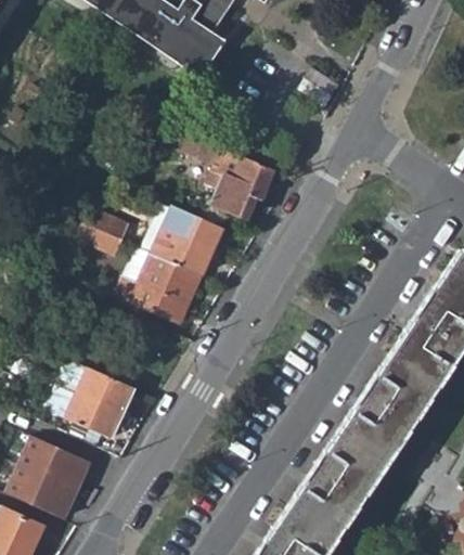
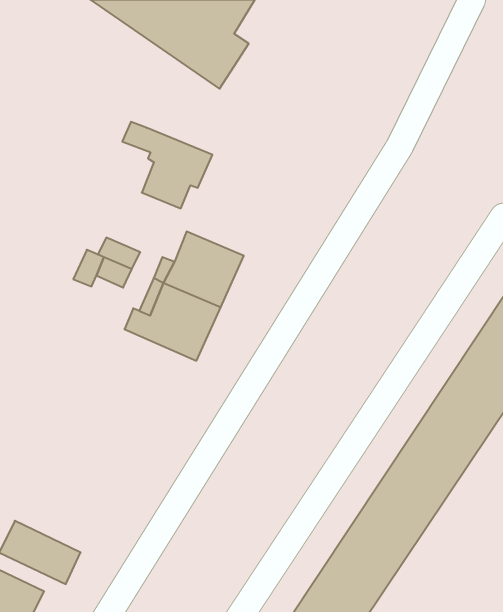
building: [195,140,275,217] -> [122,122,212,208]
building: [66,366,134,437] -> none
building: [18,435,90,491] -> none

